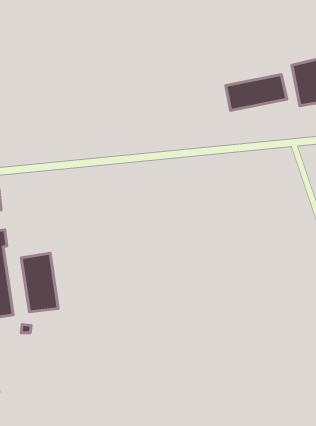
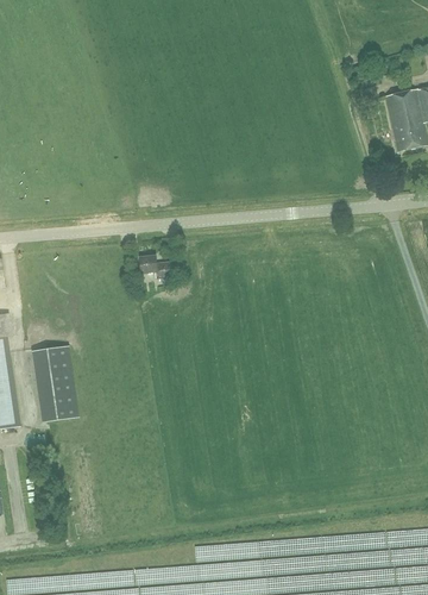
building: [226,74,287,110] -> none
building: none -> [139,255,178,277]

